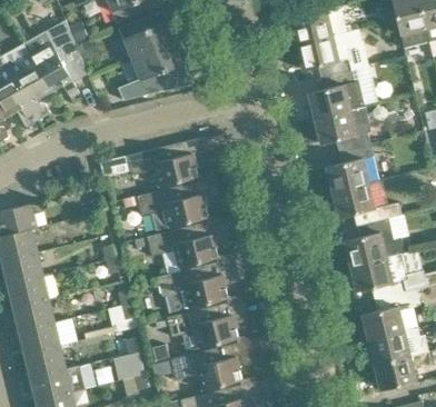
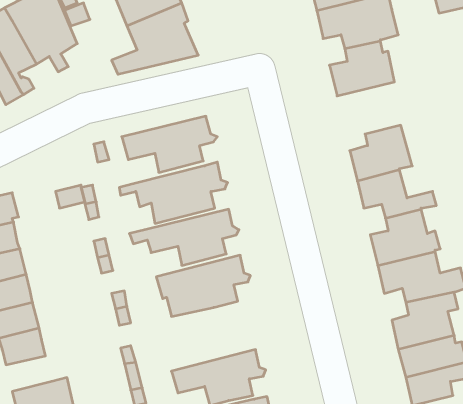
building: [314,108,369,153] -> none
building: [166,300,248,349] -> none
building: [24,347,65,378] -> none

